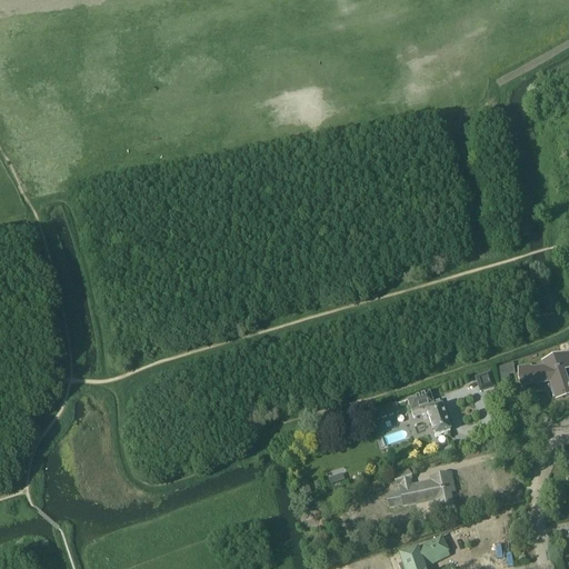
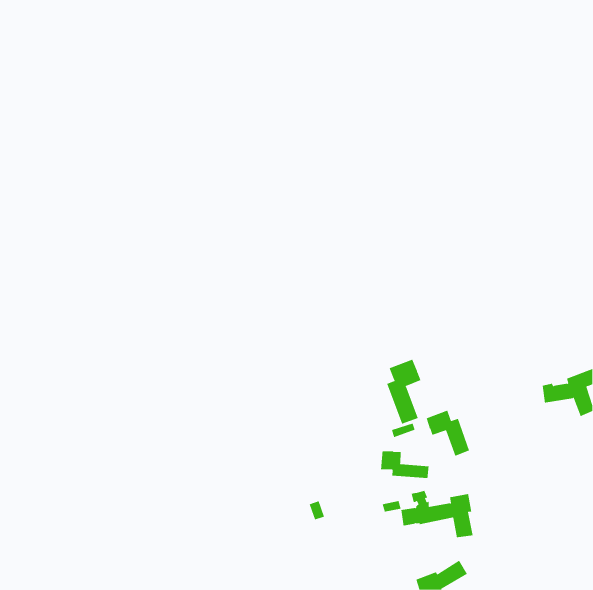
building: none -> [387,359,421,424]
building: none -> [381,451,429,479]

